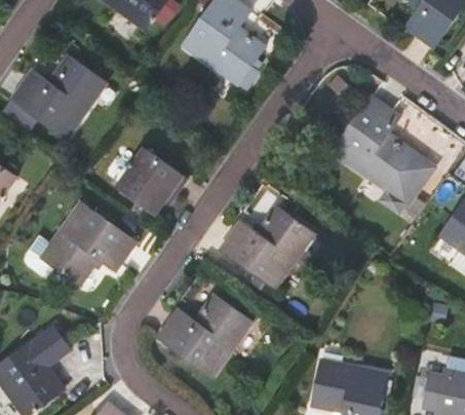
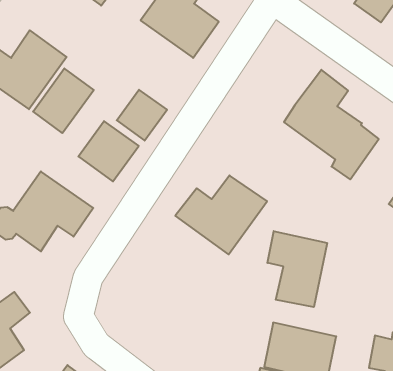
building: none -> [33,68,94,133]
building: none -> [117,90,167,141]
building: none -> [267,231,327,307]
building: [158,294,251,376] -> none

